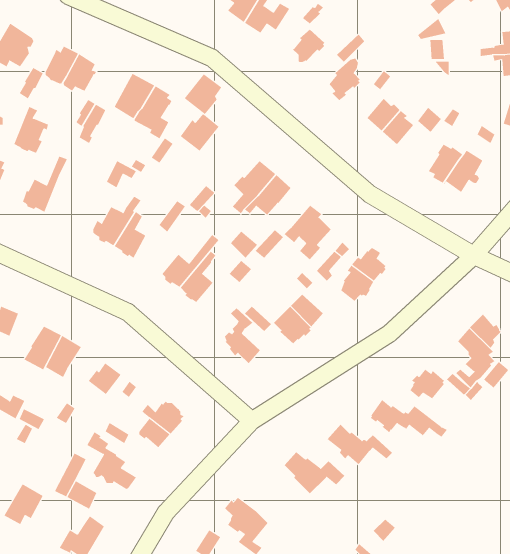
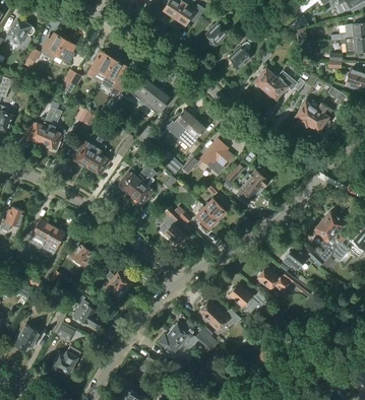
building: [184,74,222,115] -> [143,87,169,115]
building: [14,106,49,153] -> [41,119,64,150]
building: none -> [167,323,218,351]

